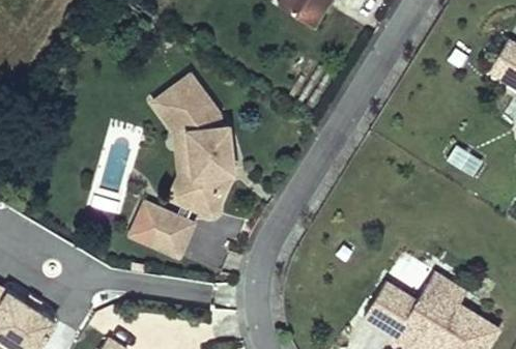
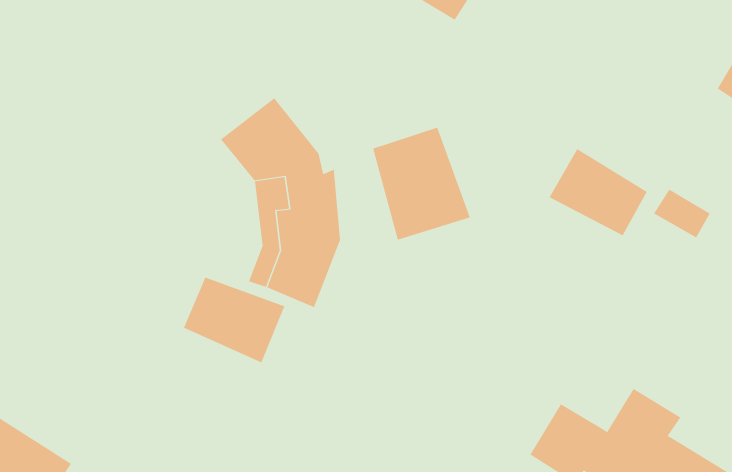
building: none -> [372,127,470,240]
building: none -> [549,148,648,236]

